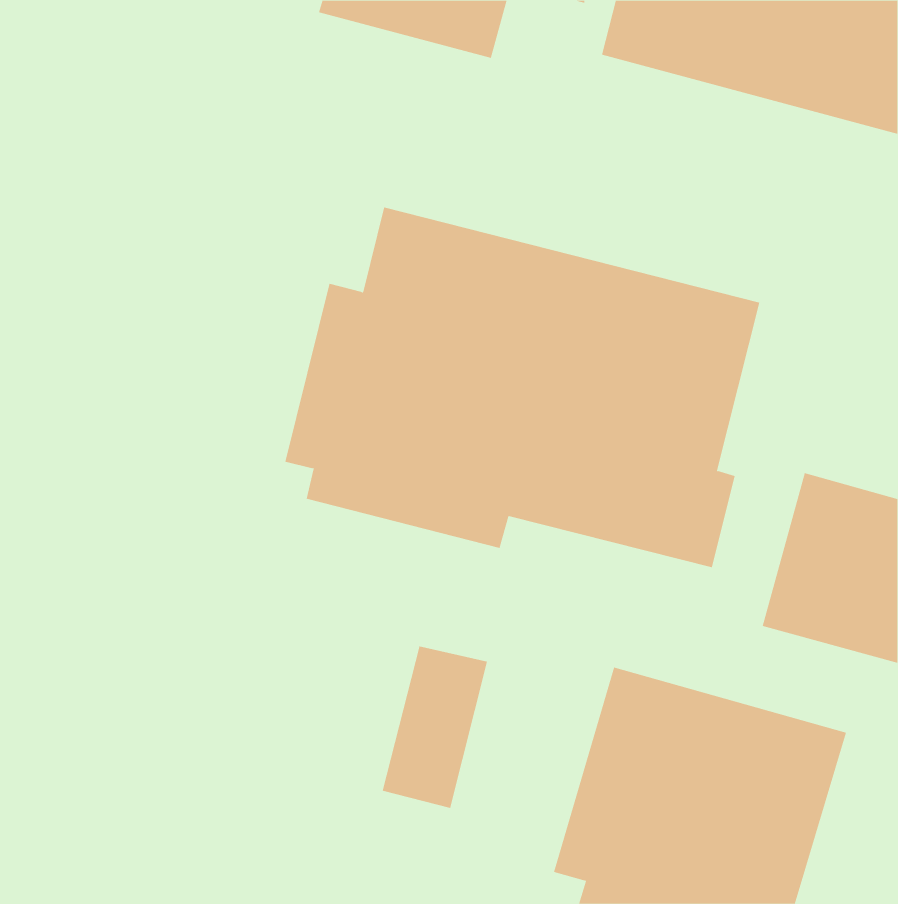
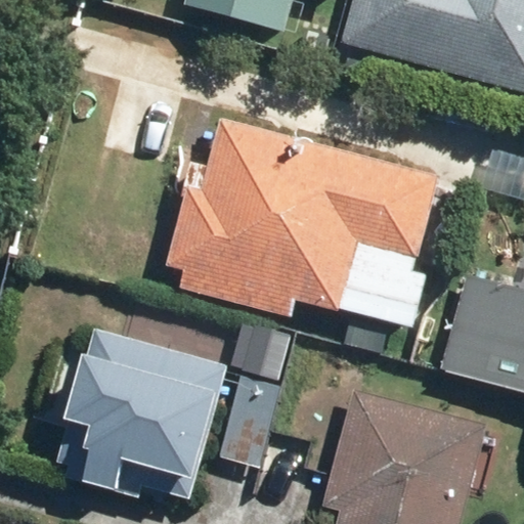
building: none -> [54,330,226,500]

